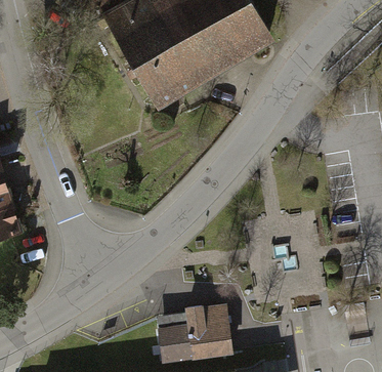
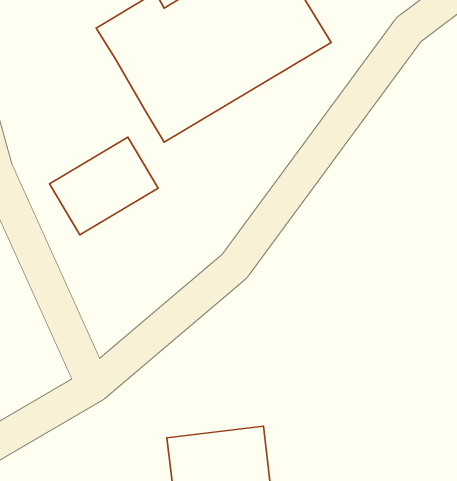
building: none -> [49,137,158,235]

